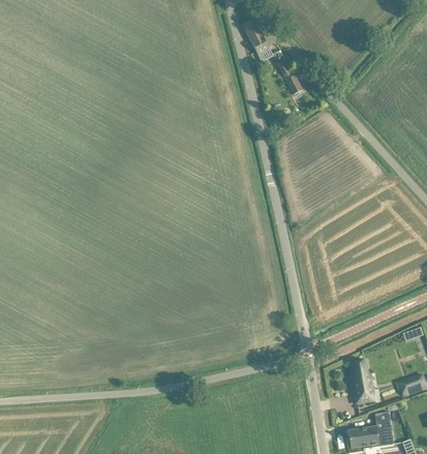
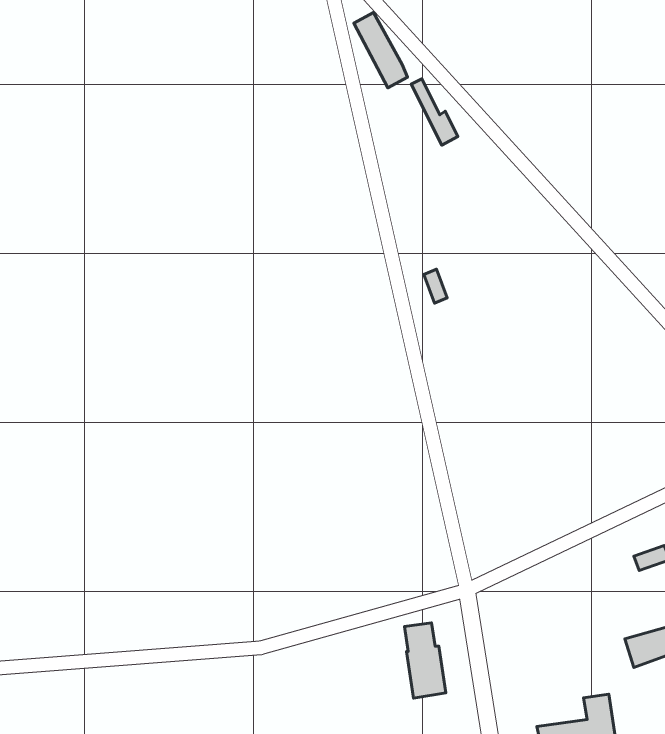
building: [350,361,374,404] -> [405,623,446,698]

